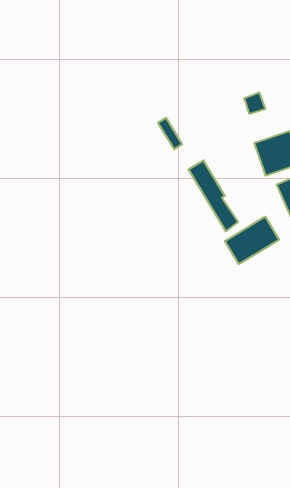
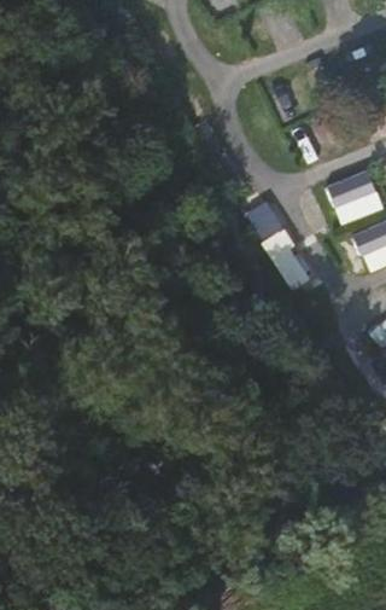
building: [225,217,279,264] -> none

